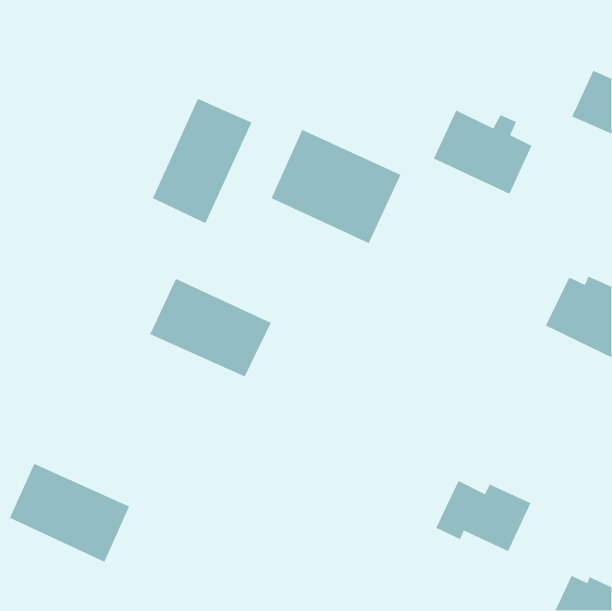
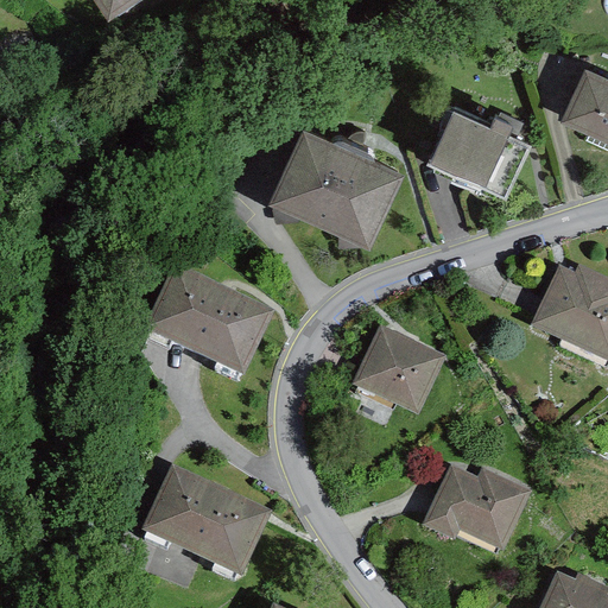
building: [152,98,252,224] -> none
building: none -> [359,332,441,407]
building: [9,463,130,563] -> [146,474,266,572]

